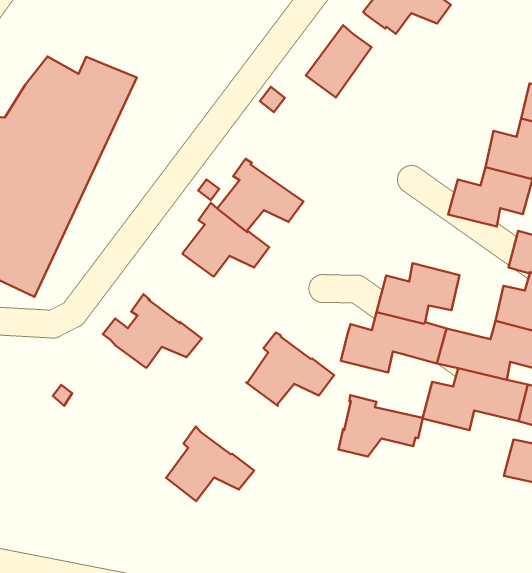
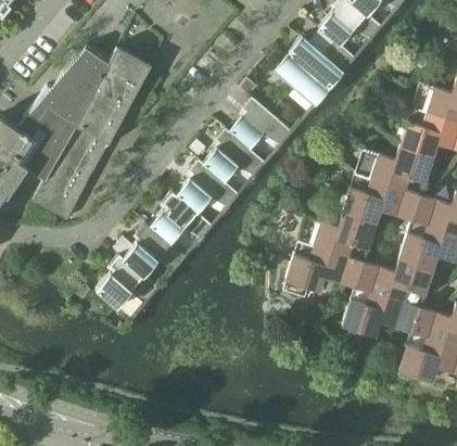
building: none -> [294,31,356,107]
building: none -> [229,99,292,152]
building: none -> [342,180,420,225]
building: [246,333,334,406] -> [149,193,213,246]
building: [339,395,423,456] -> none
building: [166,426,254,501] -> [96,255,160,309]

